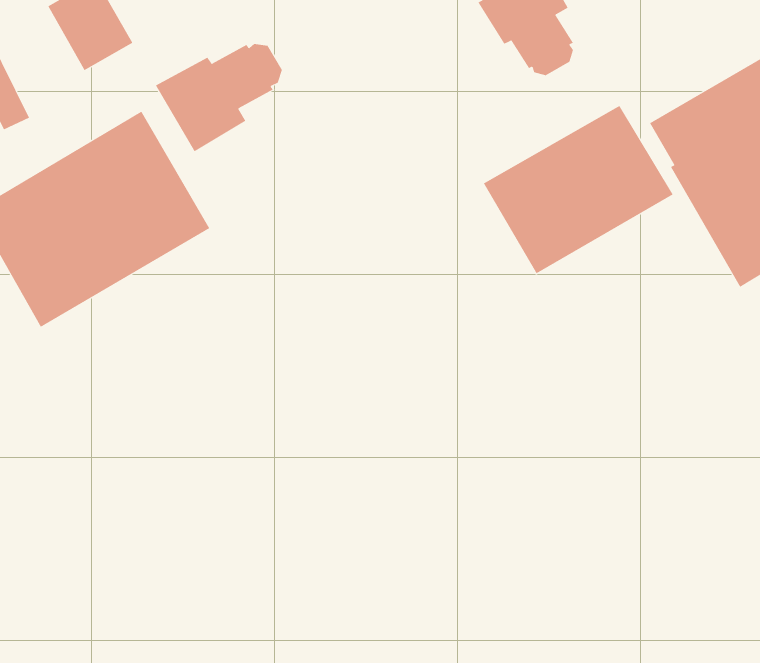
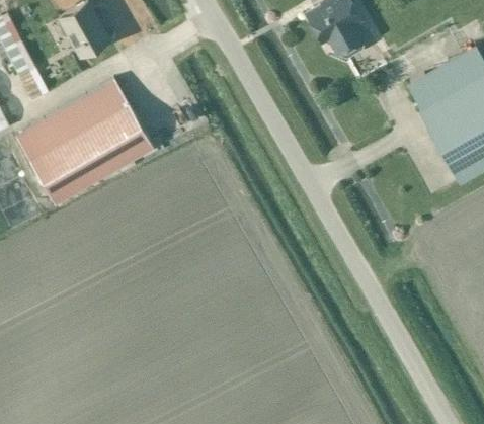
building: [155,43,282,152] -> none
building: [483,105,673,274] -> none

